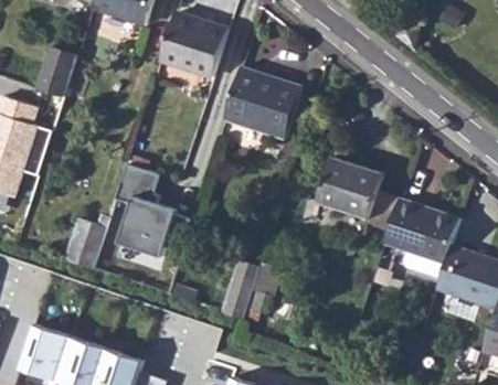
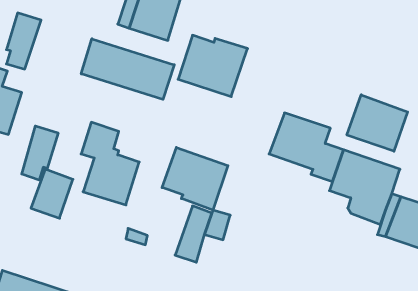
building: none -> [81,39,174,99]
building: none -> [347,95,408,151]
building: none -> [22,126,58,180]
building: none -> [162,147,228,210]

